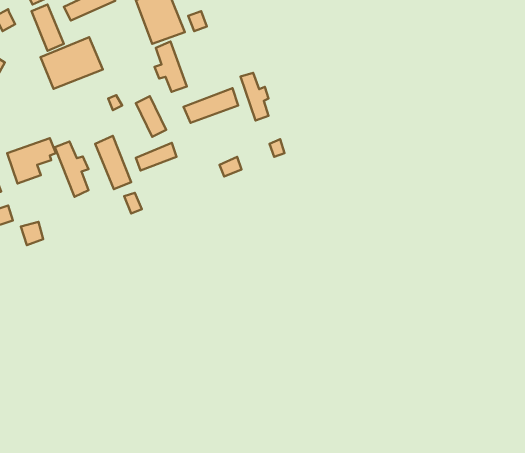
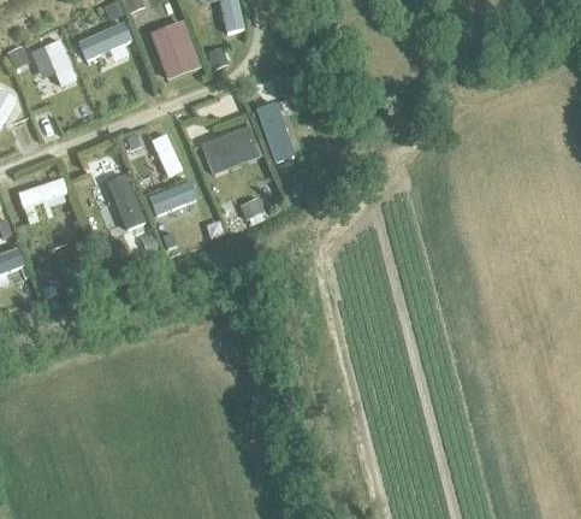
building: [41,37,103,89] -> none
building: [154,42,187,92] -> none
building: [55,141,89,197] -> none

